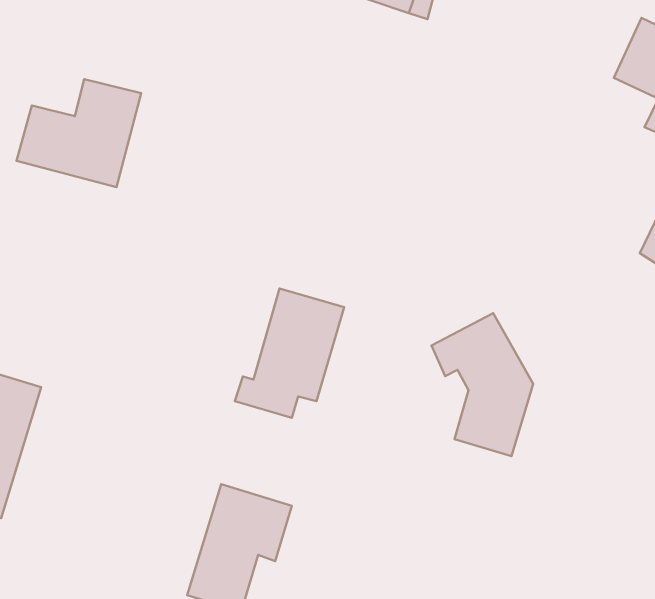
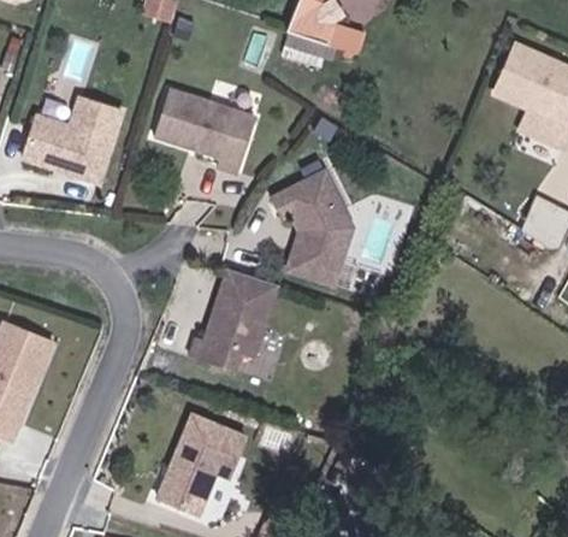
building: none -> [155,85,255,166]
building: [431,313,533,456] -> [276,165,355,277]

